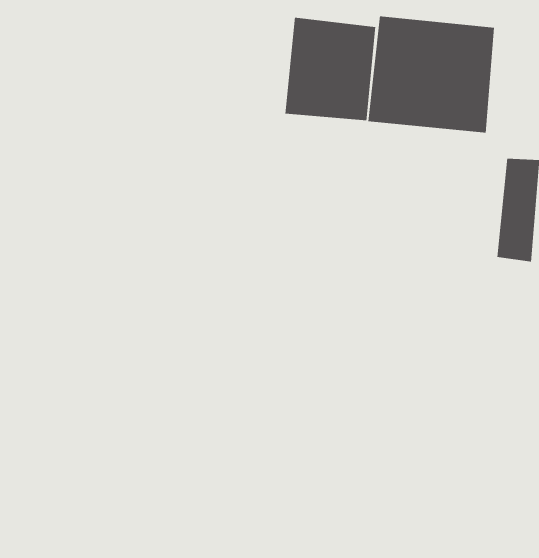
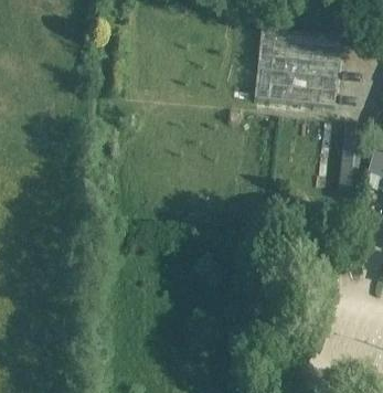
building: [285,17,376,121] -> none

